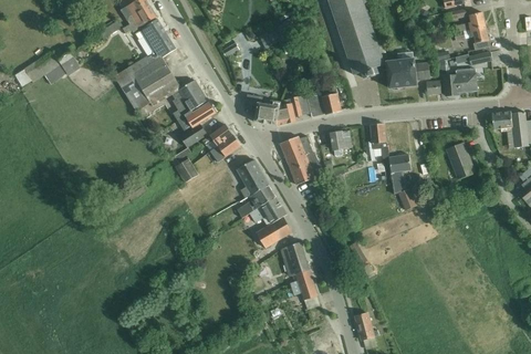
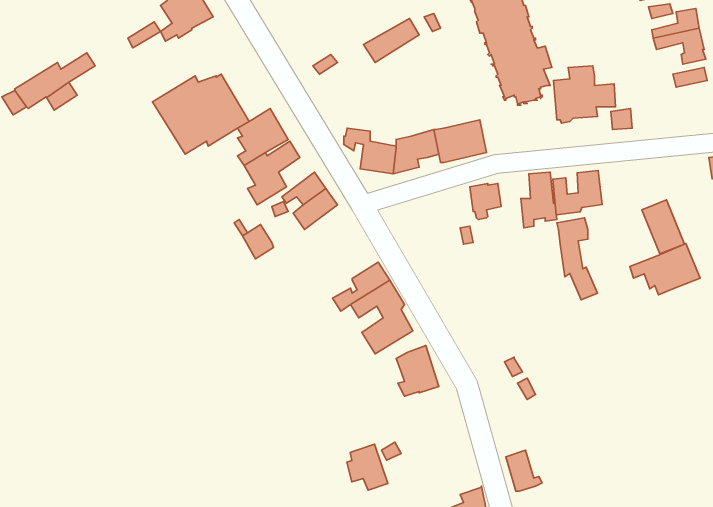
building: [135,19,176,62] -> none
building: [441,69,475,95] -> none
building: none -> [553,171,602,215]
building: [280,135,323,184] -> none
building: [236,158,268,198] -> none
building: none -> [630,244,700,295]
building: [290,268,317,299] -> [347,444,388,490]

